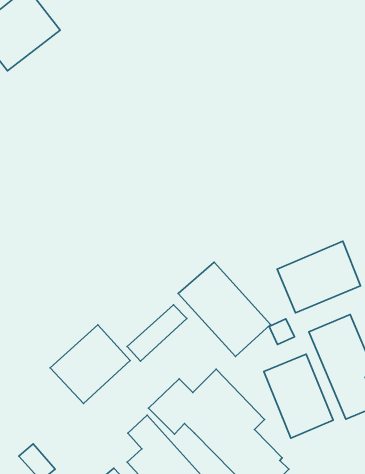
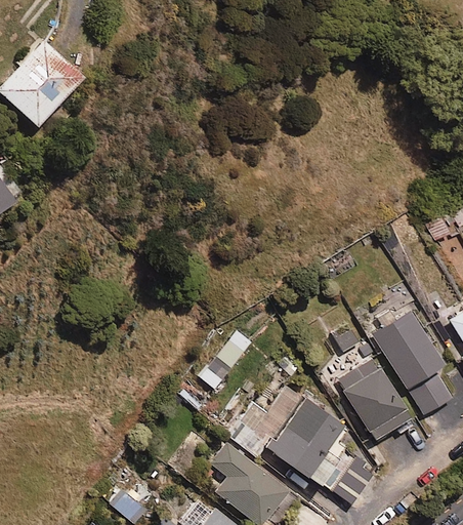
building: [277,241,360,313] -> none
building: [178,262,271,356] -> none
building: [50,325,130,403] -> none

